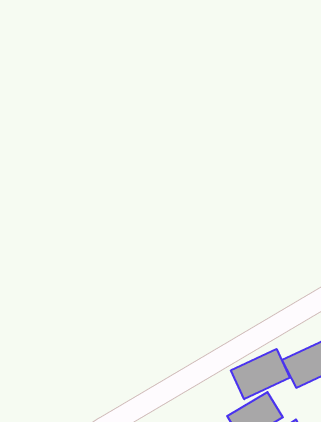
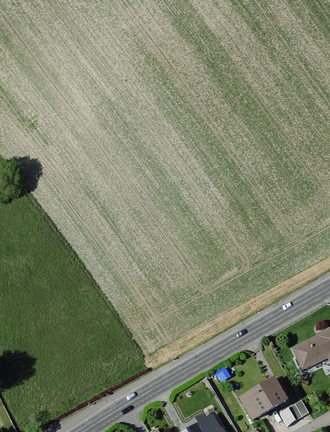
building: [231,349,290,399] -> none

